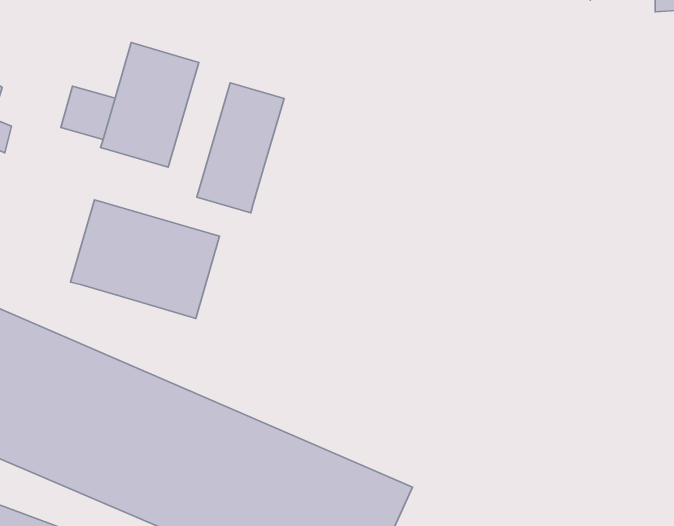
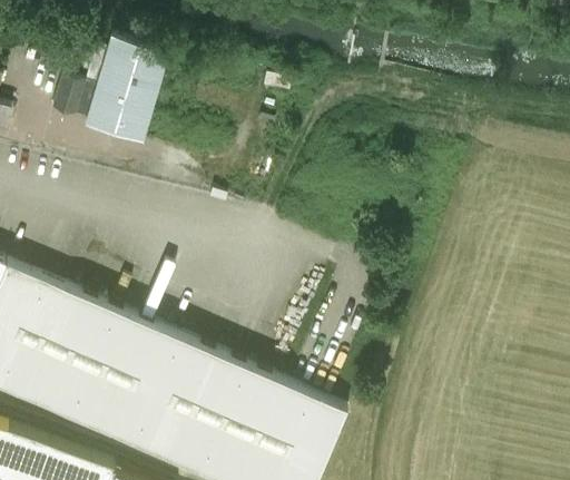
building: [197,83,284,213] -> none
building: [71,200,220,319] -> none

